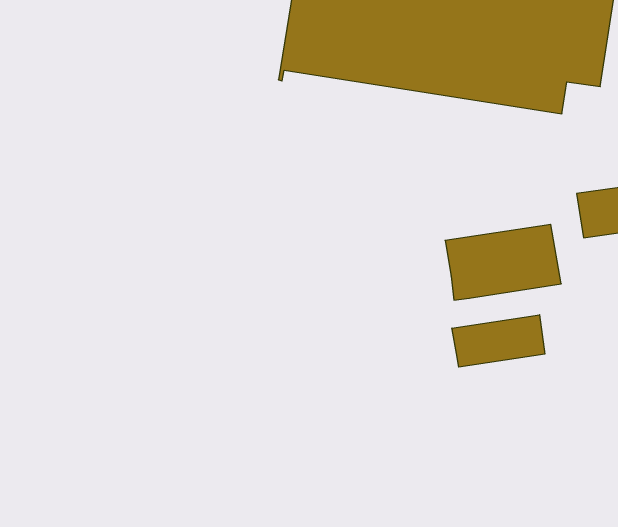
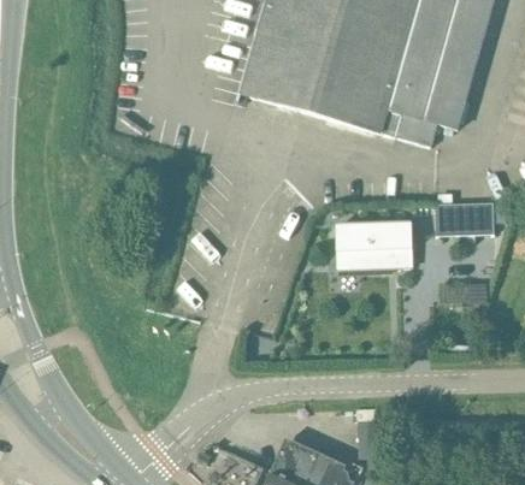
building: [452,315,545,367] -> none

